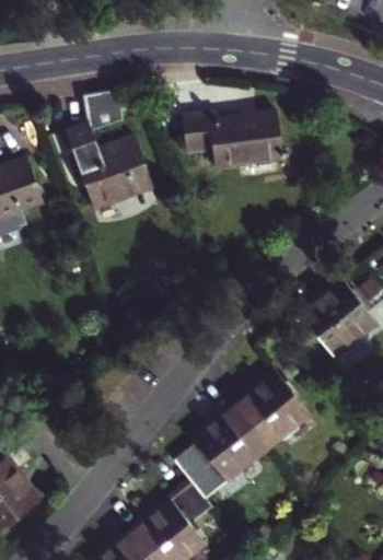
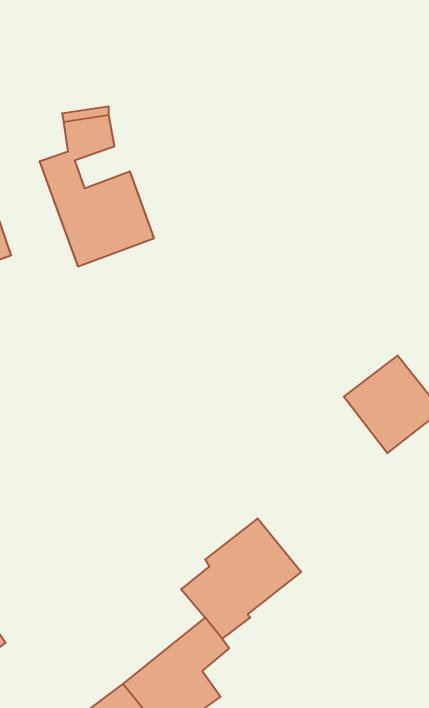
building: [183,113,282,167] -> none
building: [233,373,309,447] -> none

